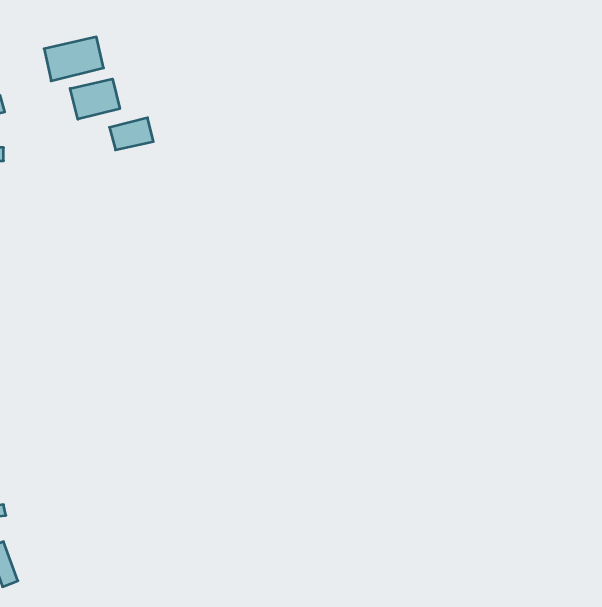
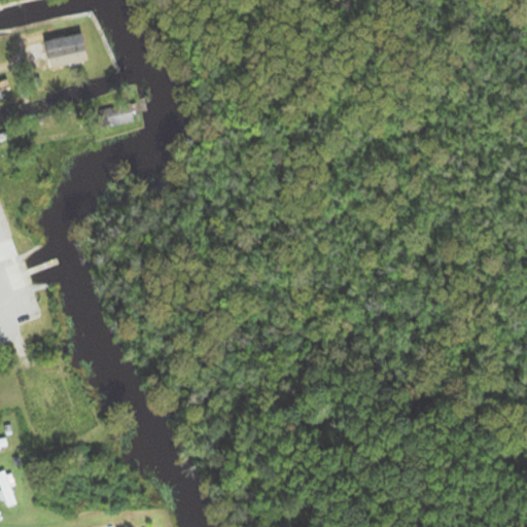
building: [70,79,120,119] -> none

